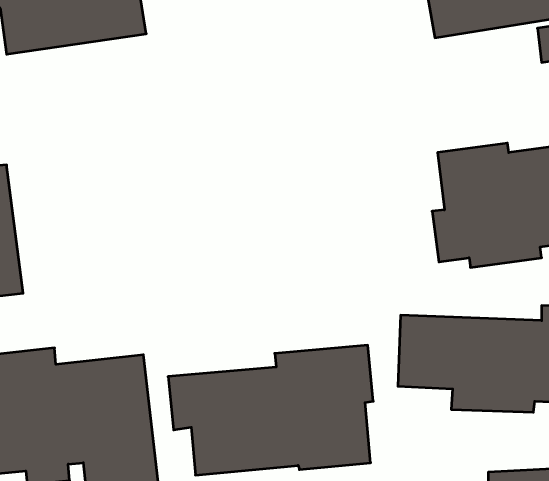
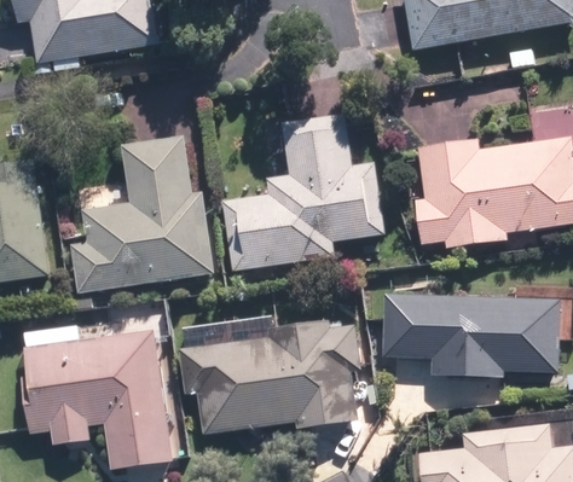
building: none -> [219,114,386,269]
building: none -> [68,134,214,294]

